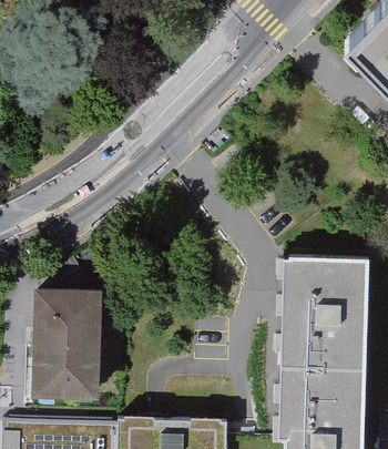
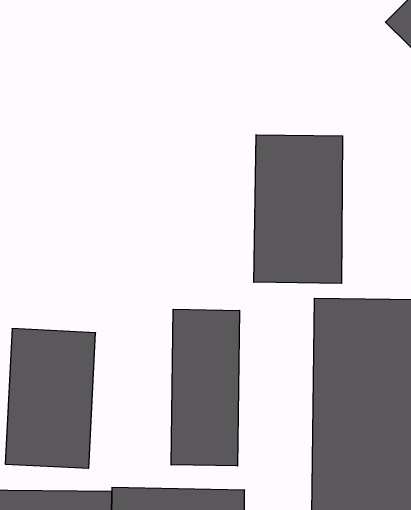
building: none -> [254,135,343,283]
building: none -> [171,309,240,466]

